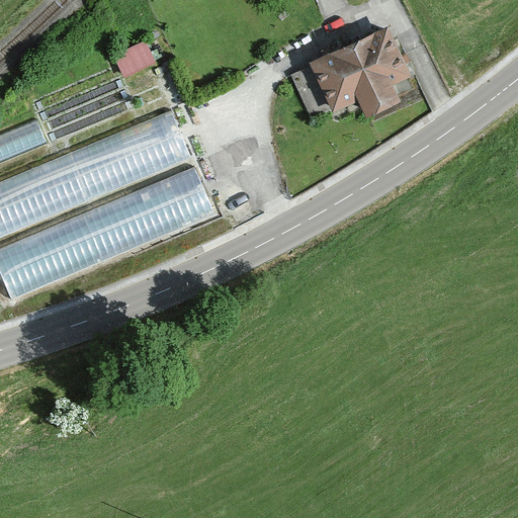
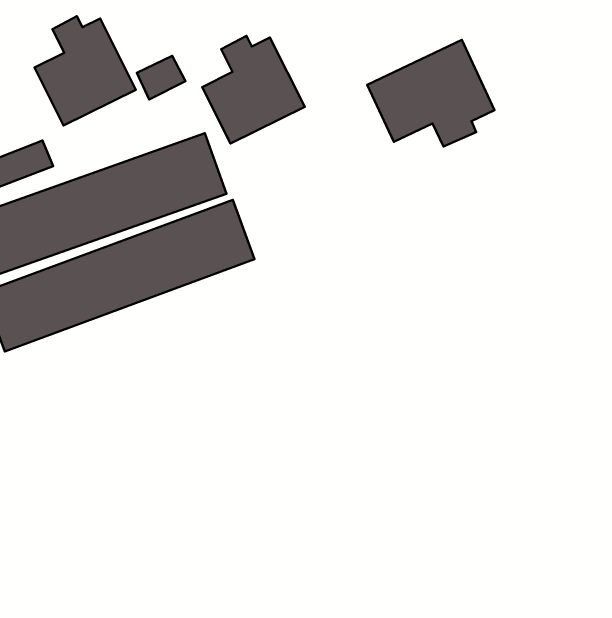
building: none -> [34,16,136,126]
building: none -> [202,36,305,143]

